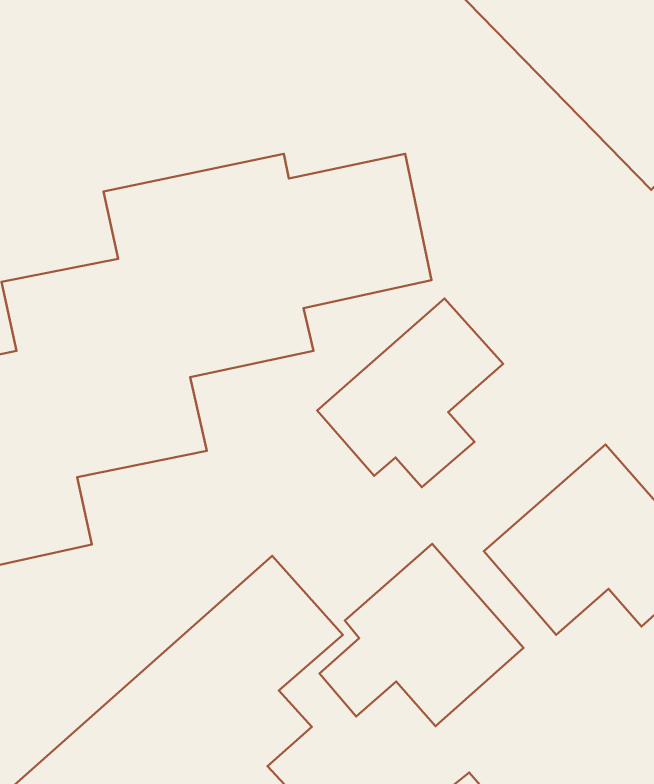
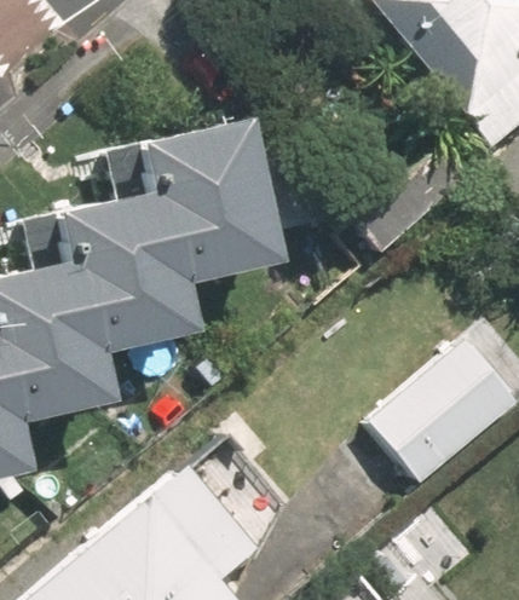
building: [317,299,503,487] -> none
building: [319,544,523,726] -> none

